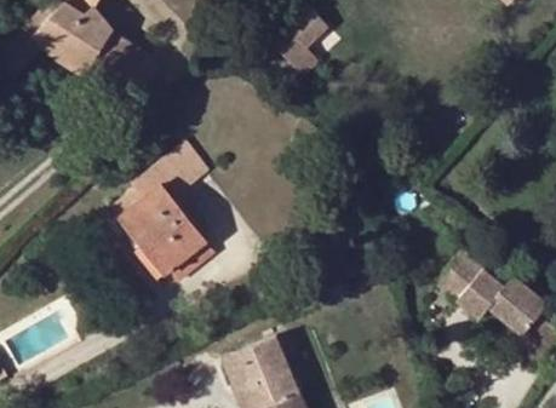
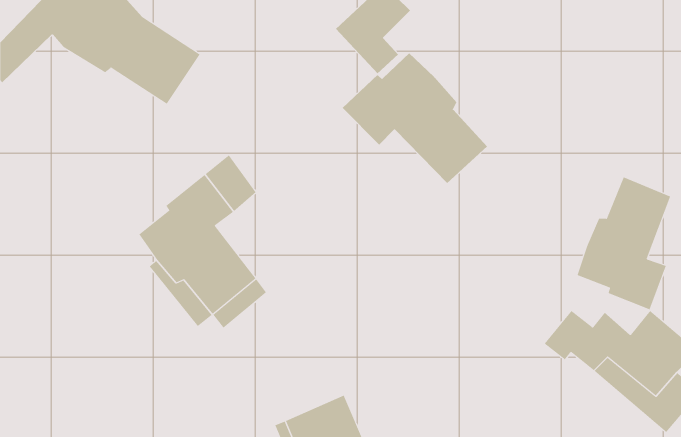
building: none -> [342,53,488,184]
building: none -> [577,176,671,310]

